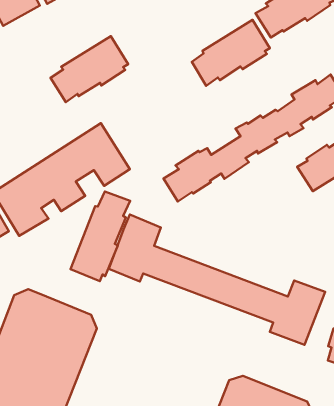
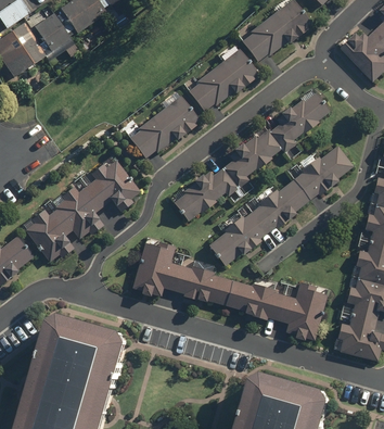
building: [50,36,128,102] -> [128,96,197,160]
building: none -> [207,178,308,264]
building: [70,192,130,281] -> none

